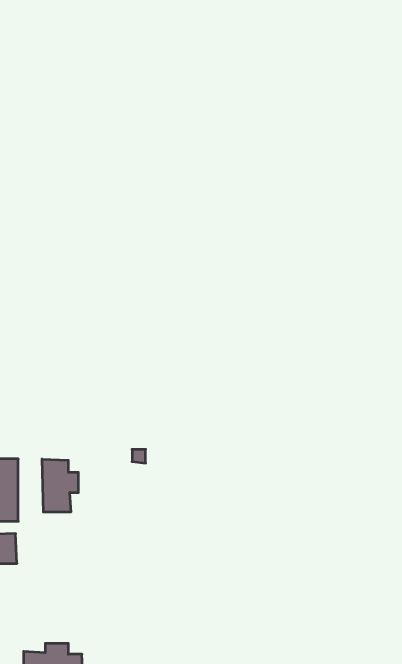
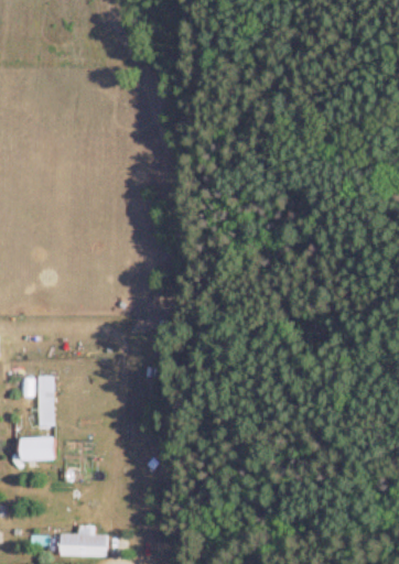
building: [42,459,78,512] -> none

